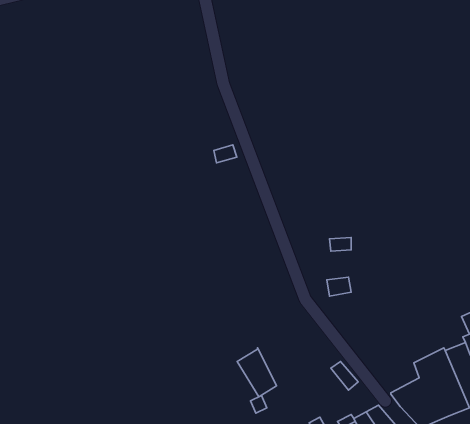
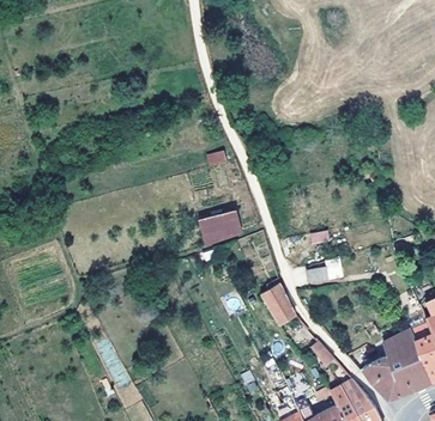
building: none -> [198,208,241,242]
building: [237,348,277,397] -> [260,282,295,325]

